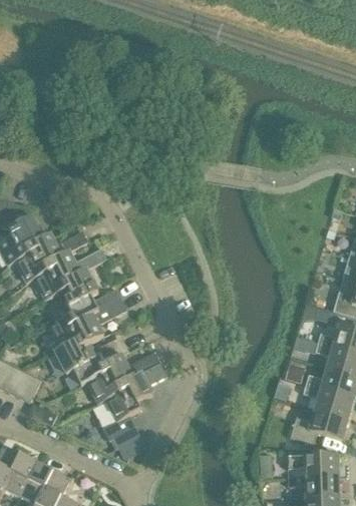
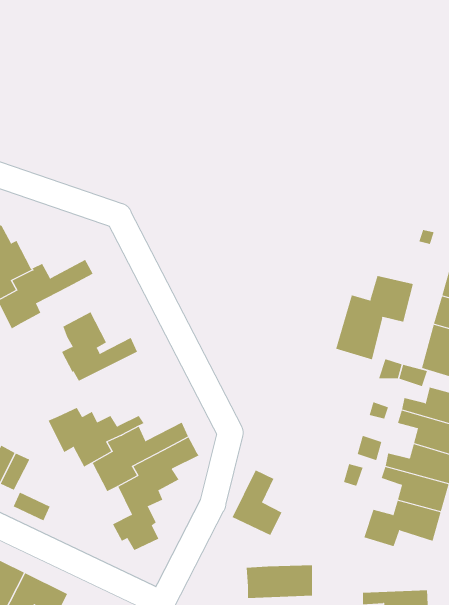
building: none -> [336,275,413,360]
building: [34,248,106,301] -> none
building: [50,300,127,348] -> none
building: none -> [232,469,282,536]
building: [288,454,338,479] -> [246,565,313,598]

